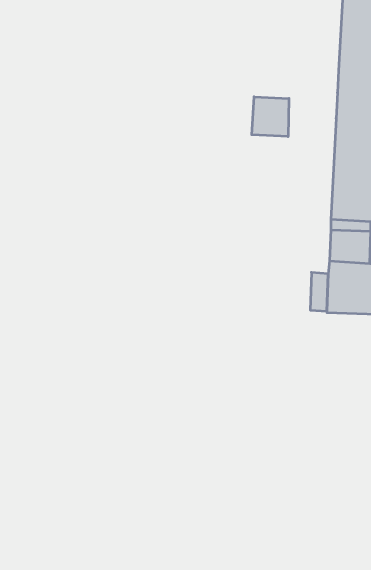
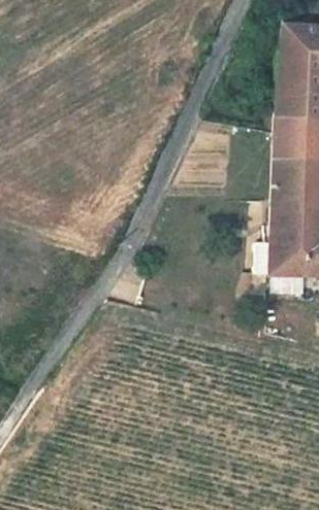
building: [252,97,289,137] -> none

